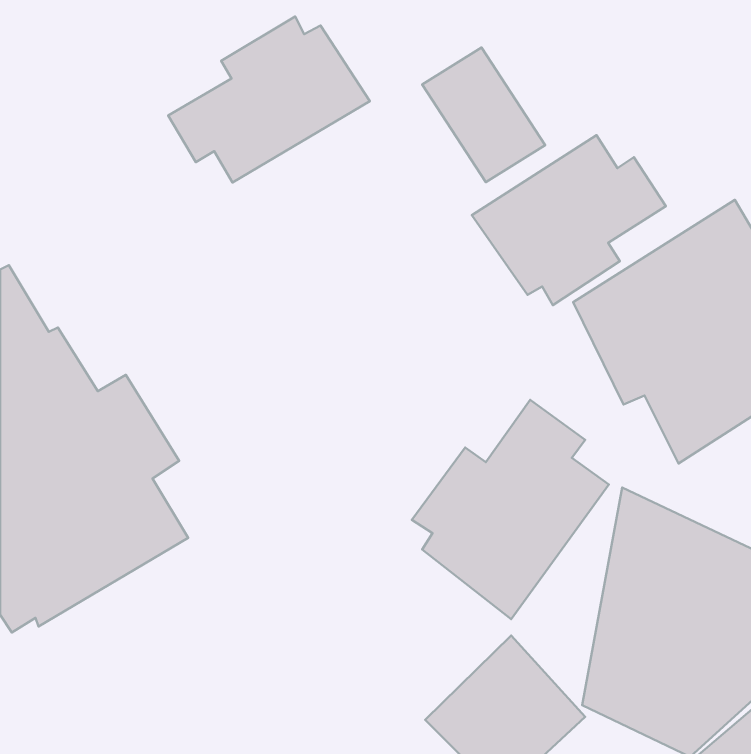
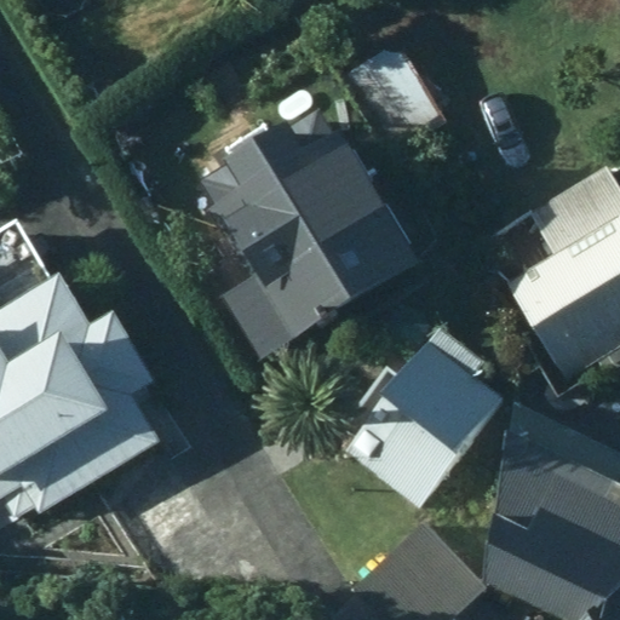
building: [168,17,370,183] -> none
building: [472,135,666,305] -> none
building: none -> [208,116,415,355]

